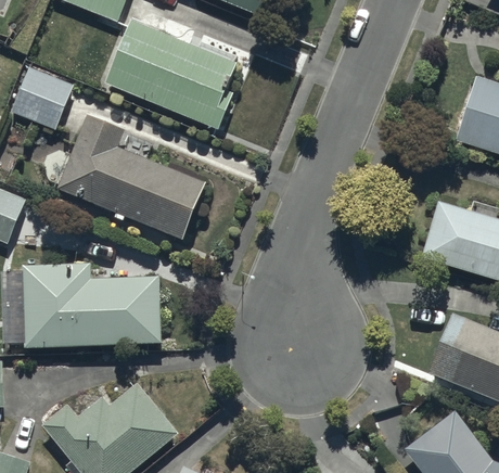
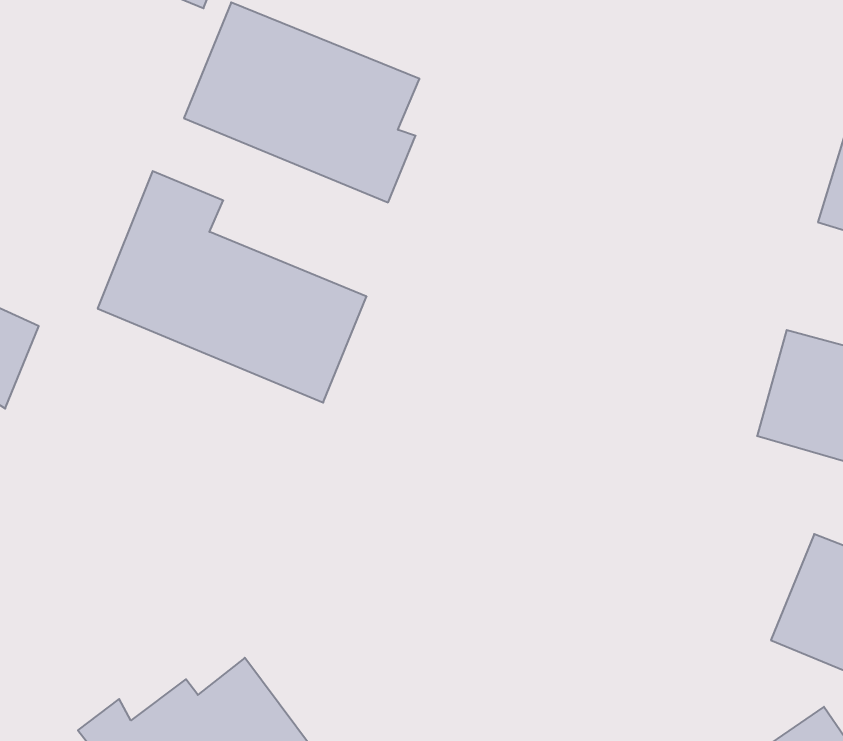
building: [11,66,72,128] -> none
building: [22,265,162,348] -> none

